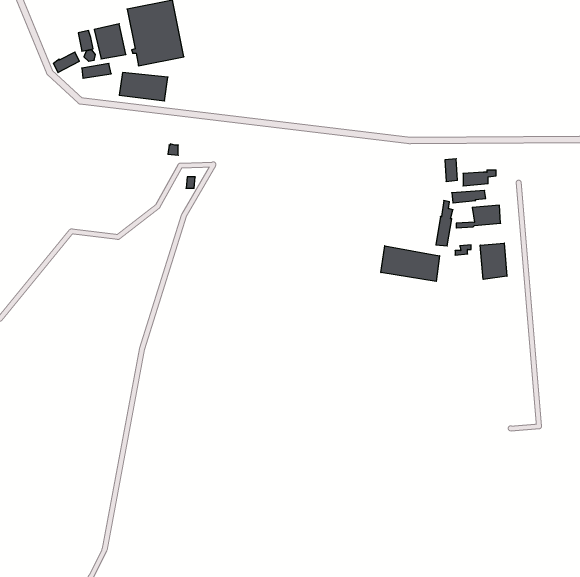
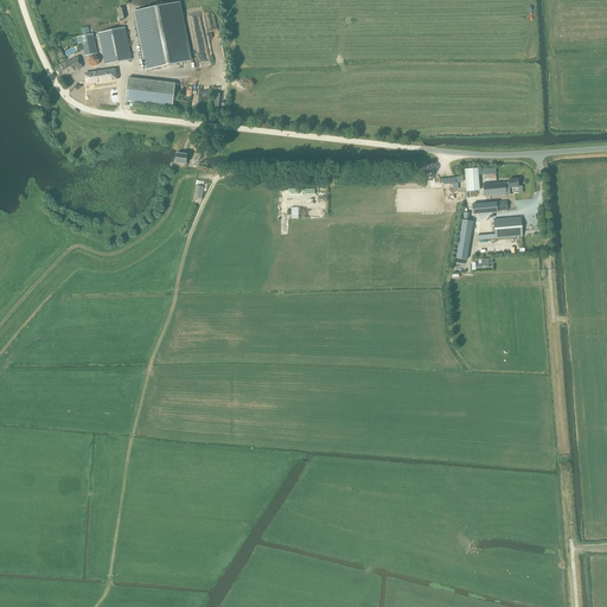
building: [480,243,507,279] -> none
building: [381,246,440,281] -> none

